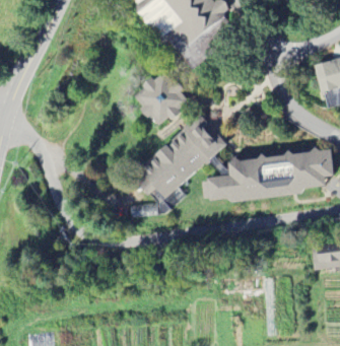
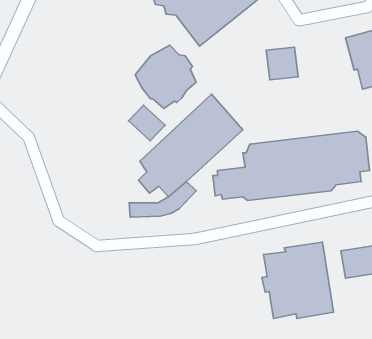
building: none -> [266,47,298,80]
building: none -> [128,105,165,141]
building: none -> [262,242,333,318]

